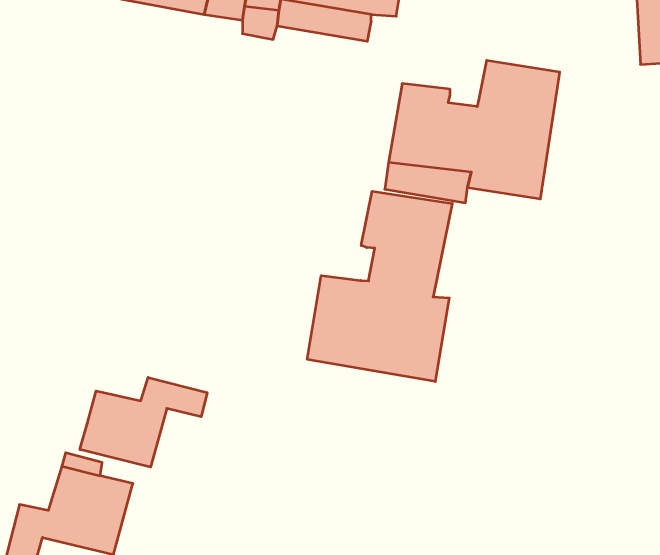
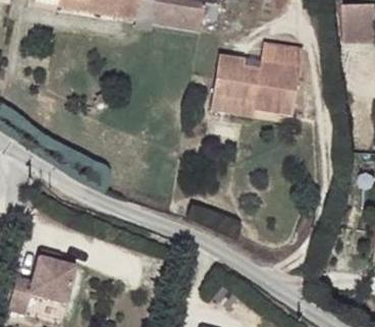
building: [307,191,452,382] -> none
building: [80,377,207,467] -> none

